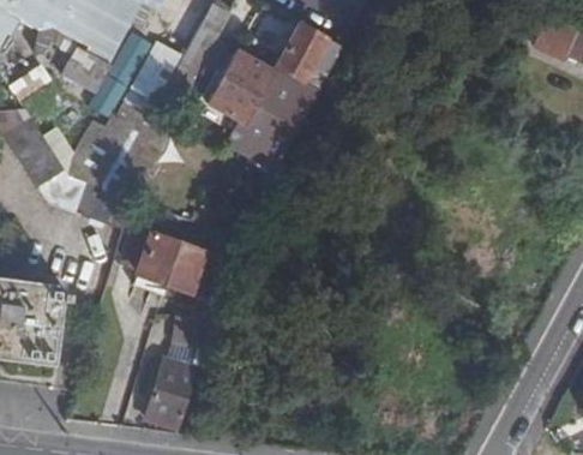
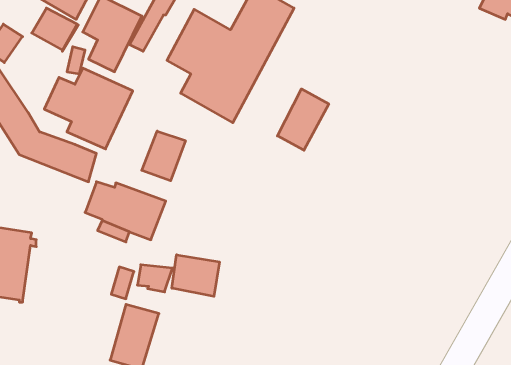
building: none -> [277,89,329,150]
building: none -> [142,131,185,181]
building: none -> [172,255,219,296]

